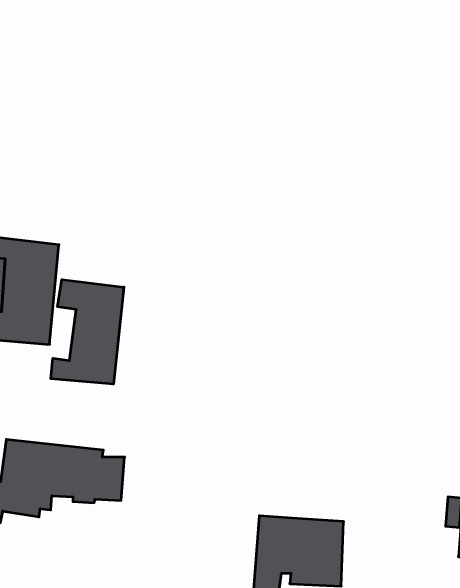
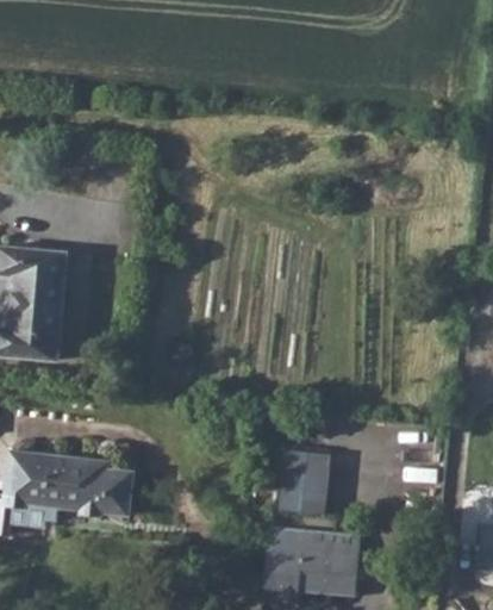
building: [51,280,124,384] -> none
building: none -> [274,440,330,510]

